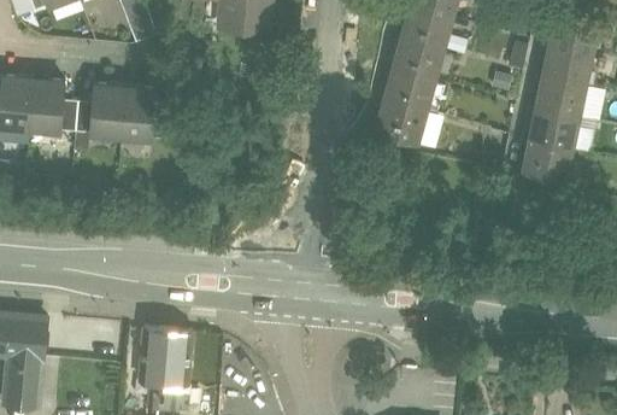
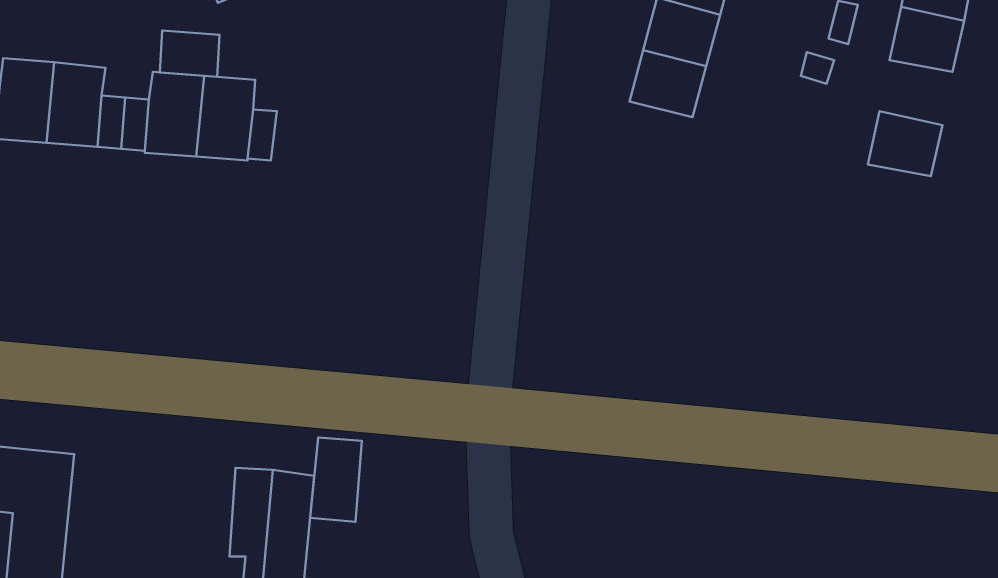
building: none -> [160,30,220,77]
building: [539,78,583,118] -> none
building: [377,104,424,146] -> none
building: [525,142,570,182] -> none
building: none -> [310,437,362,522]

